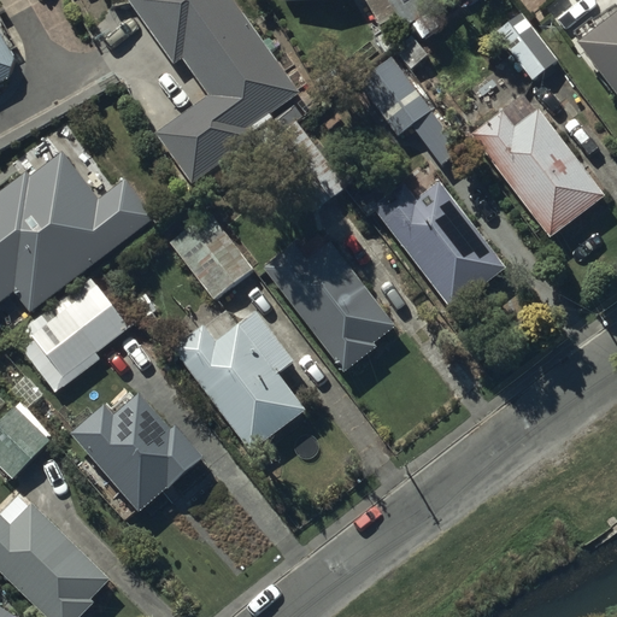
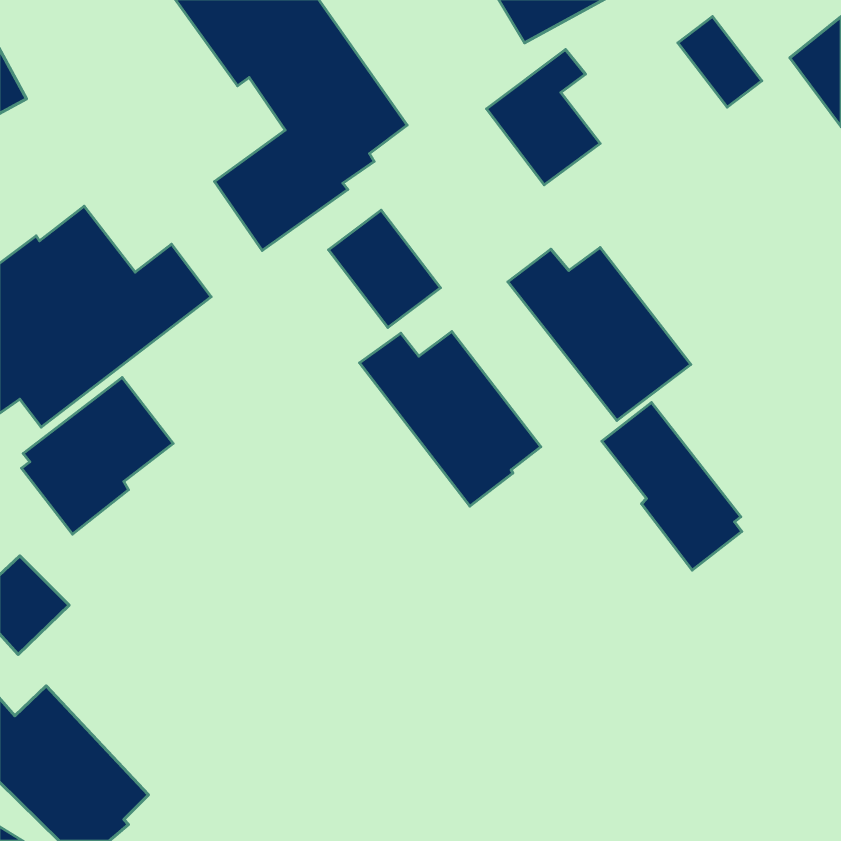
building: [471,94,604,236] -> none
building: [170,212,252,298] -> [328,210,441,327]
building: none -> [602,402,742,570]
building: [174,310,304,448] -> none
building: [71,393,204,510] -> none

